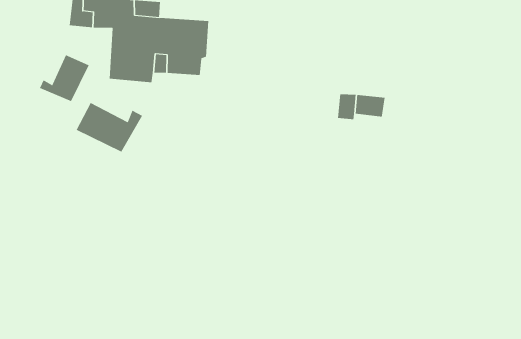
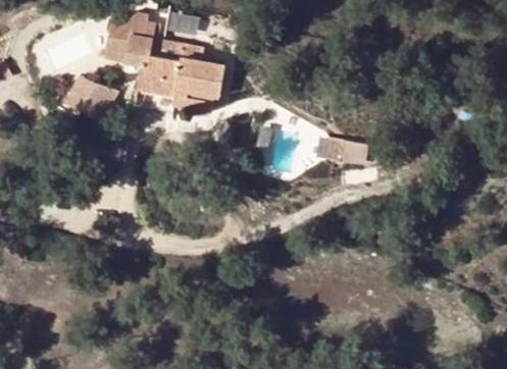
building: [76,102,143,153] -> none

